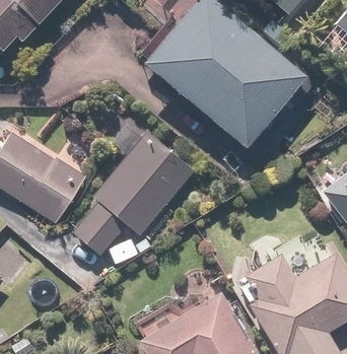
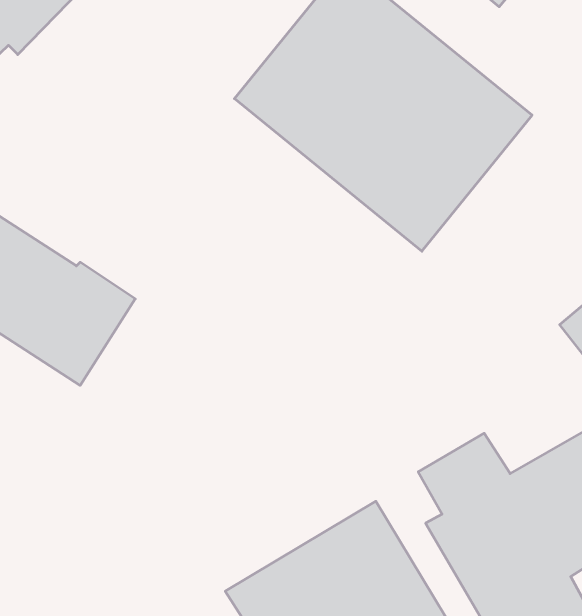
building: [74,130,195,254] -> none

